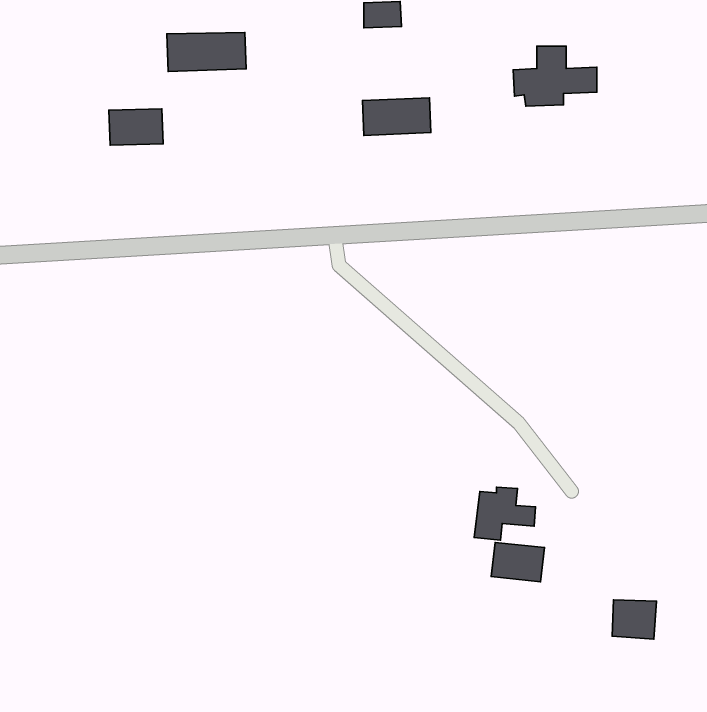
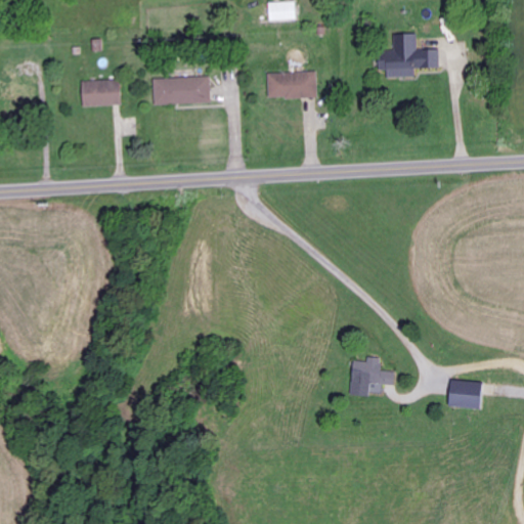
building: [167,32,246,71] -> [151,77,210,105]
building: [491,542,544,582] -> none
building: [612,600,657,639] -> [448,381,481,409]

